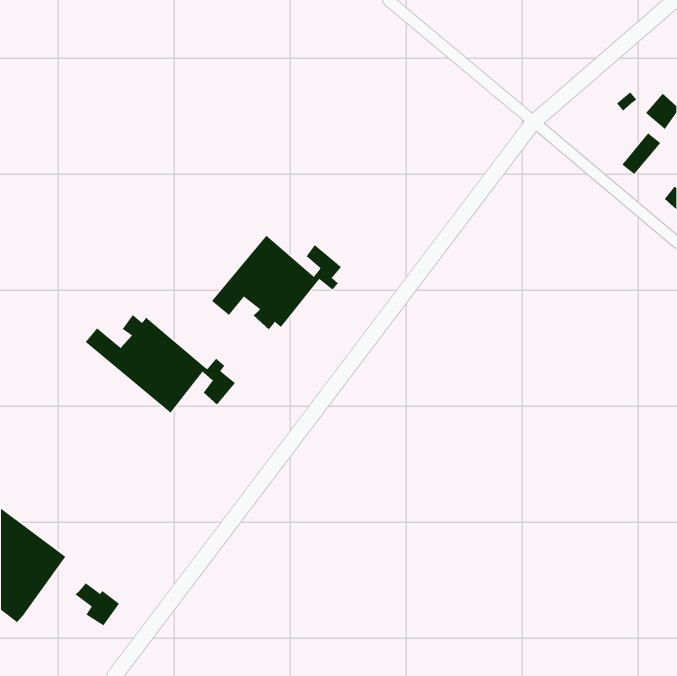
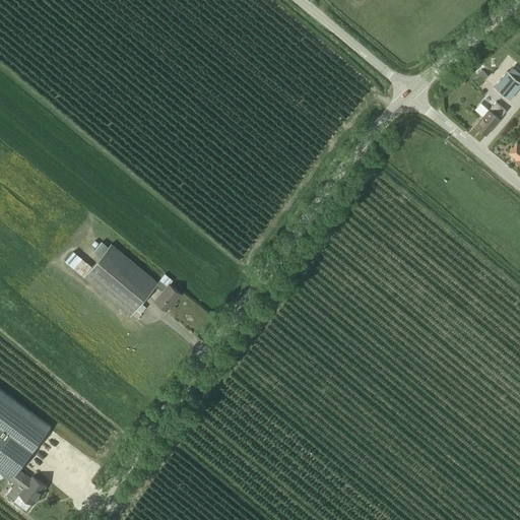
building: [211,235,342,330] -> none
building: [75,583,120,626] -> [11,471,46,505]

